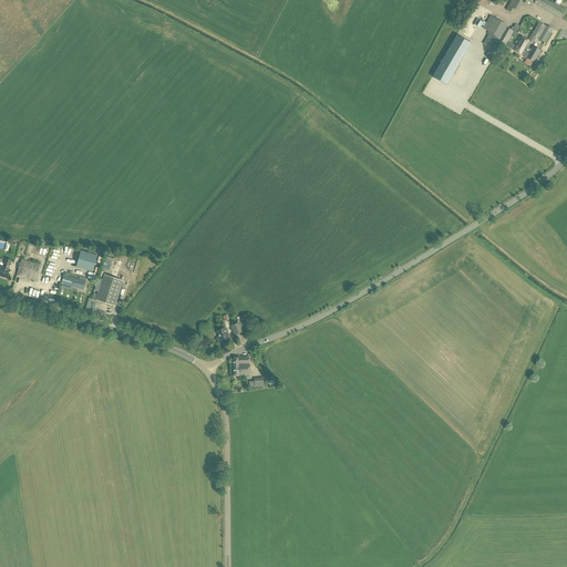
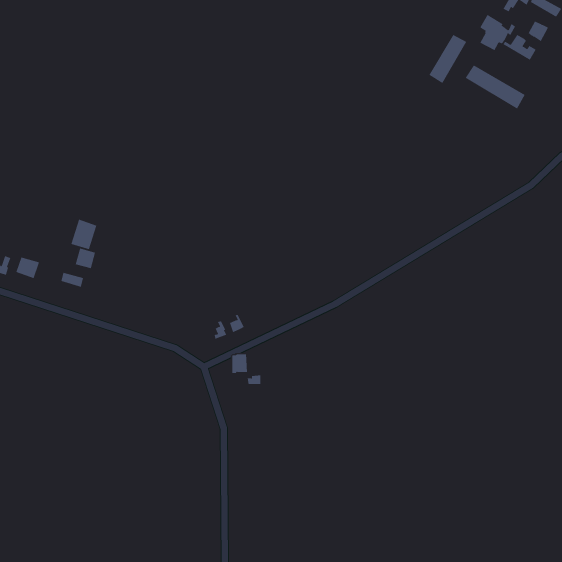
building: none -> [465,64,525,109]
building: [95,274,122,305] -> [71,219,97,250]

